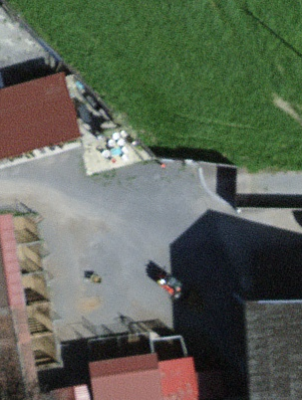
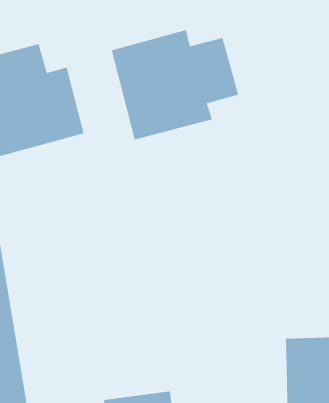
building: none -> [111,29,239,141]

